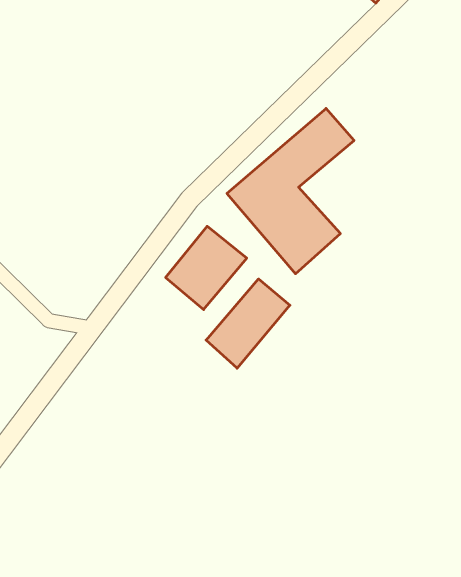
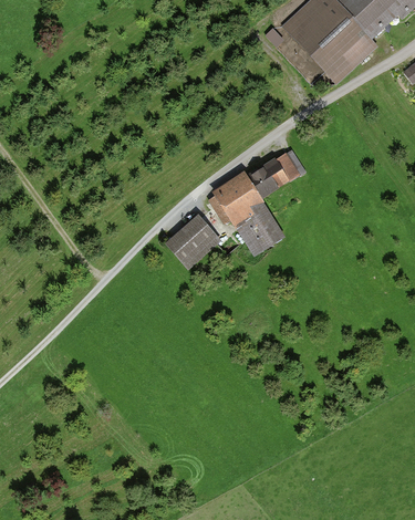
building: [206,279,290,368] -> none

